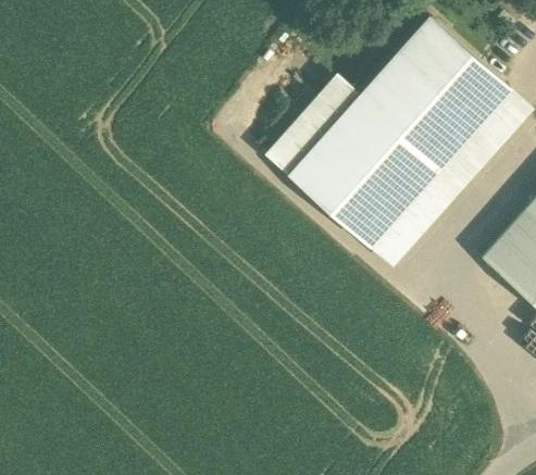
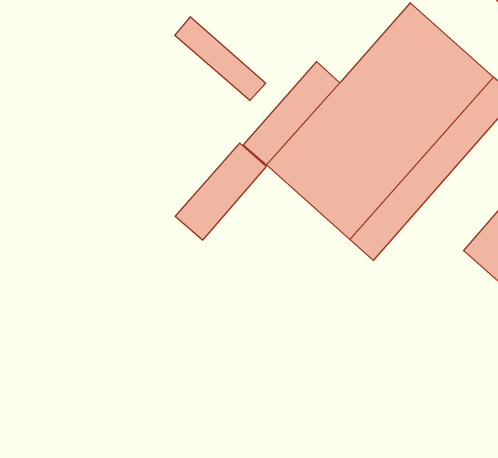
building: none -> [175,17,266,101]
building: none -> [175,143,266,240]

